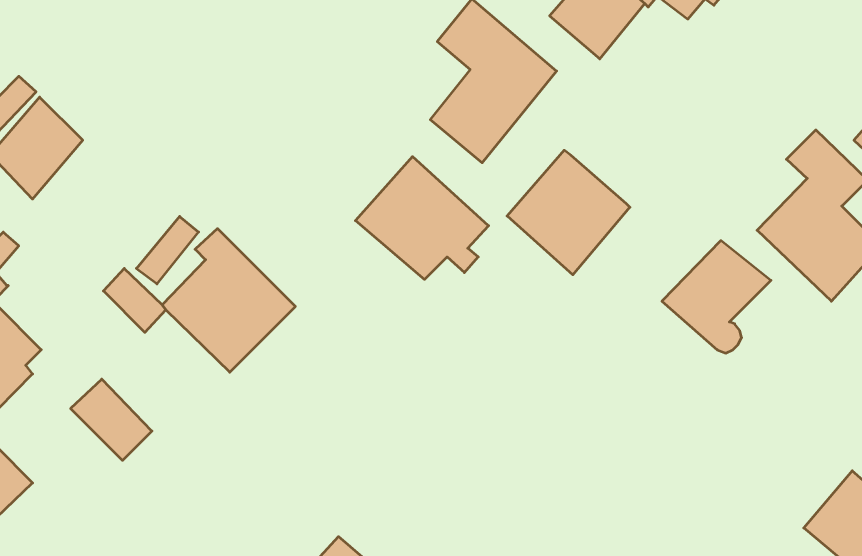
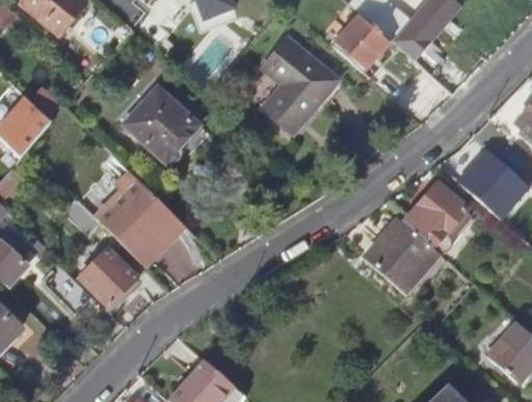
building: [507,150,630,275] -> [362,215,435,290]
building: [355,157,489,279] -> [125,88,205,162]
building: none -> [79,248,138,306]

